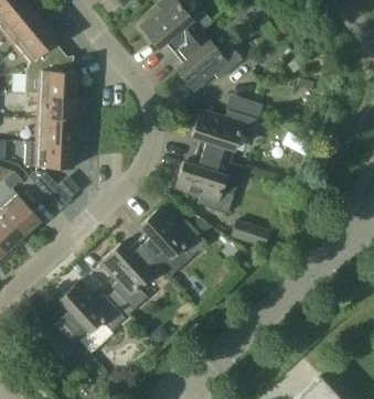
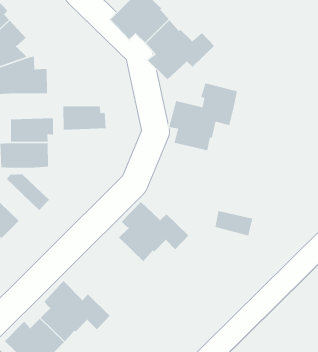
building: [38,95,81,120] -> [62,106,106,130]
building: [175,152,243,214] -> none
building: [100,241,160,311] -> none

